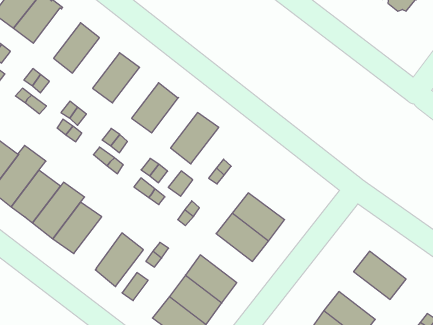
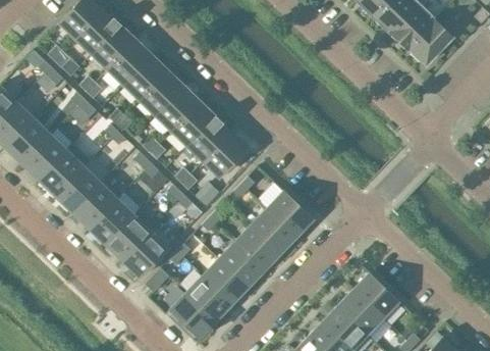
building: none -> [92,24,135,68]
building: none -> [123,55,167,99]
building: none -> [156,86,199,130]
building: none -> [187,115,230,160]
building: none -> [267,191,313,236]
building: none -> [106,208,158,260]
building: none -> [218,241,264,287]
building: none -> [337,289,382,334]

